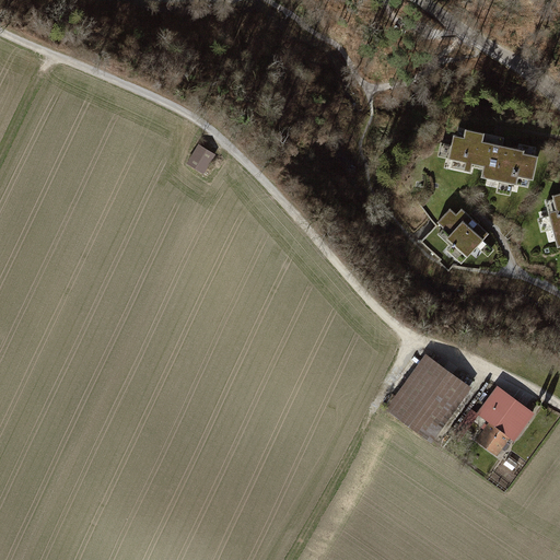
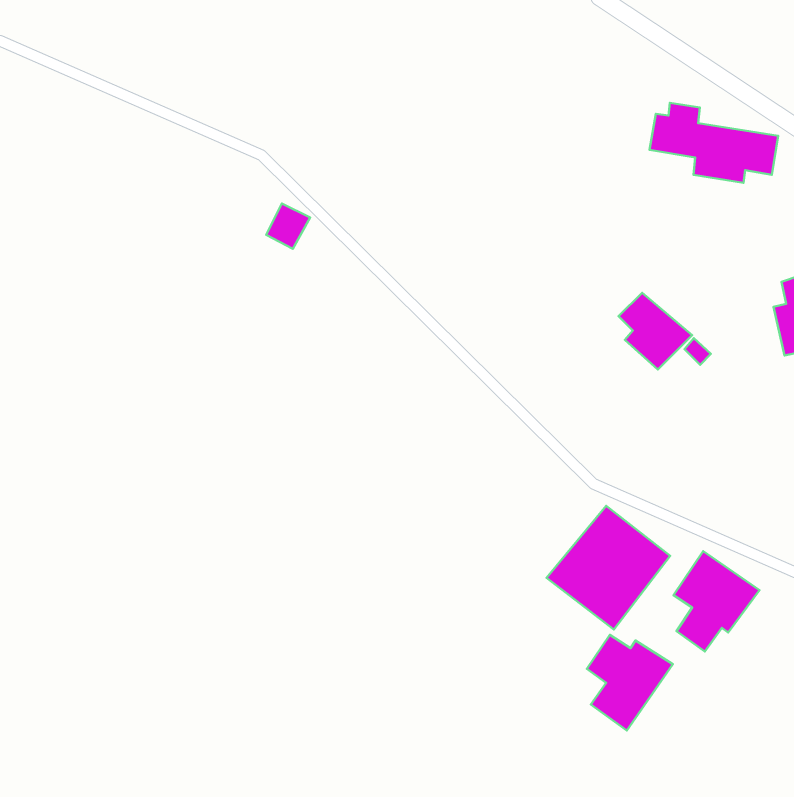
building: [447,130,537,186] -> [650,103,778,183]
building: none -> [587,635,673,730]

